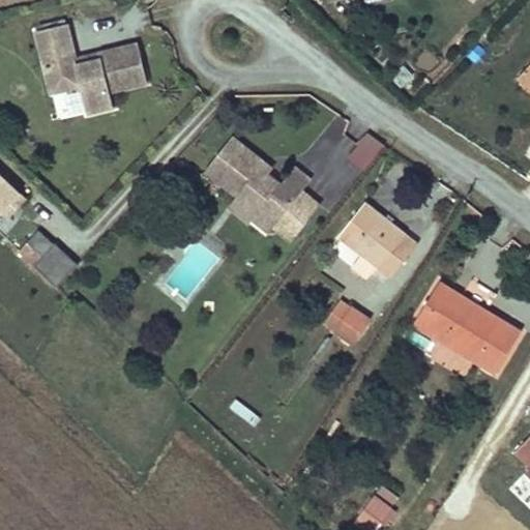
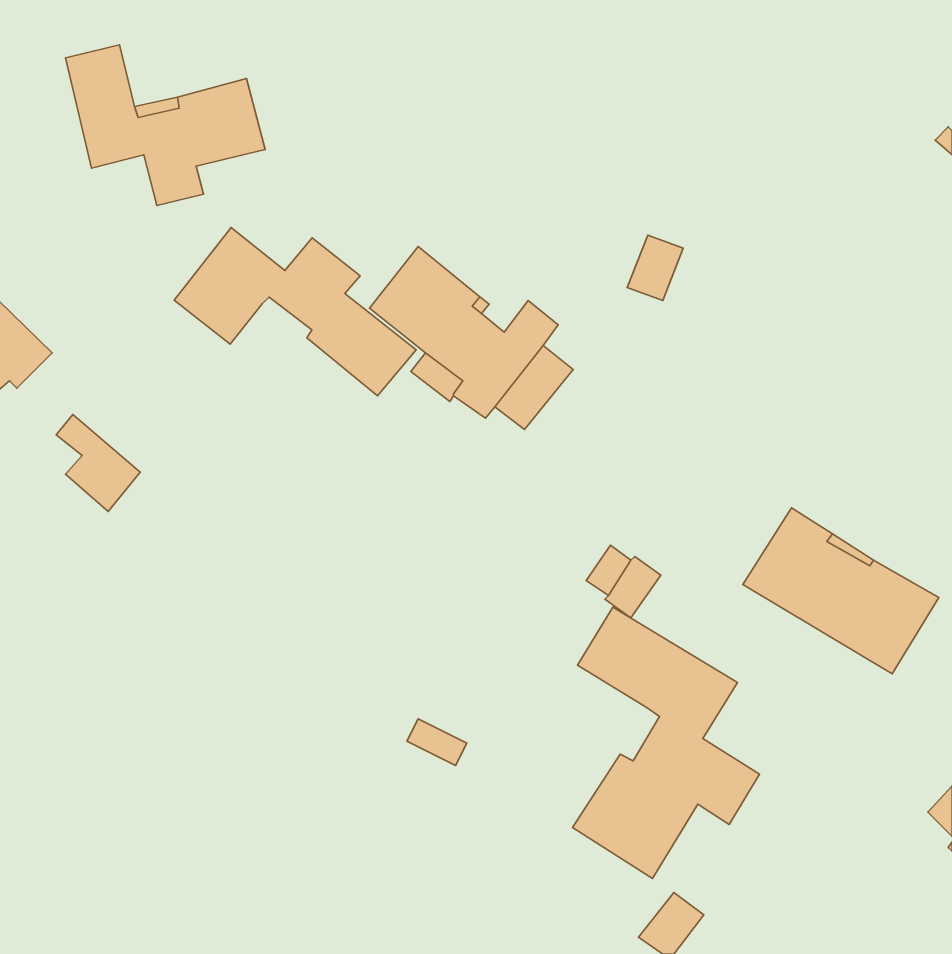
building: none -> [174,227,416,396]
building: [337,202,417,278] -> none
building: none -> [573,607,760,878]

